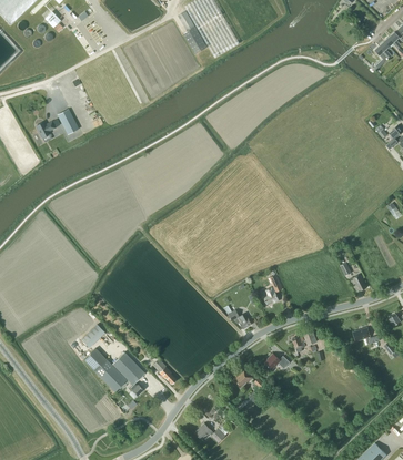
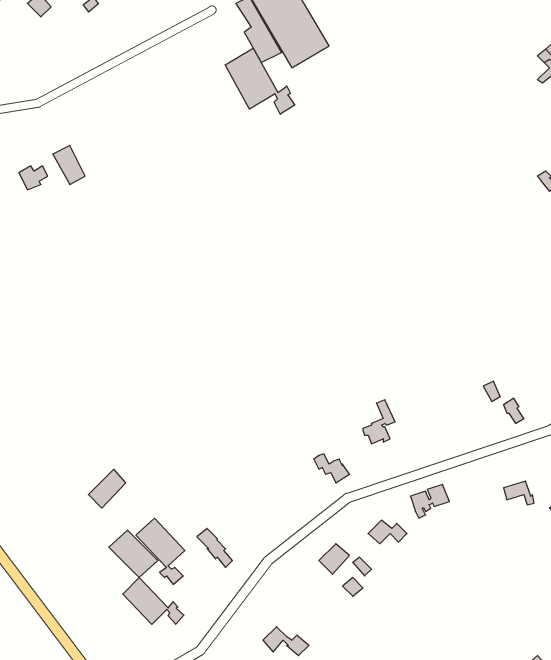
building: none -> [225,48,295,114]
building: none -> [123,578,184,624]

